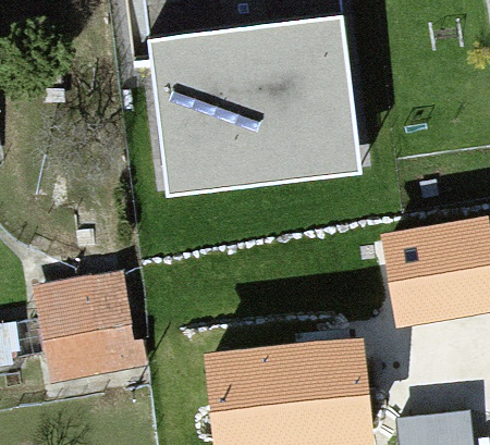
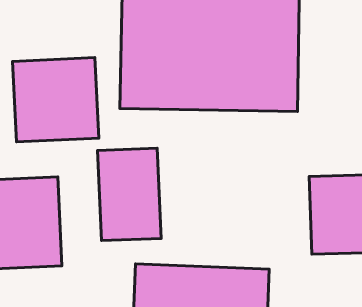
building: none -> [12,58,99,142]
building: none -> [97,148,161,241]

